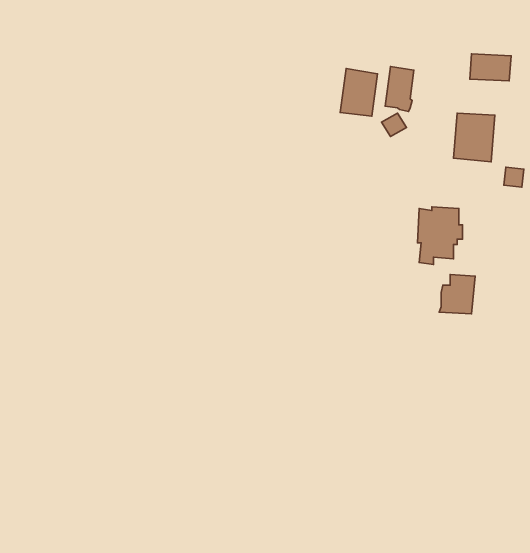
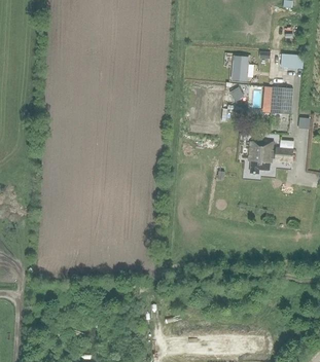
building: [340,69,378,116] -> none
building: [439,274,475,314] -> [273,141,293,164]

